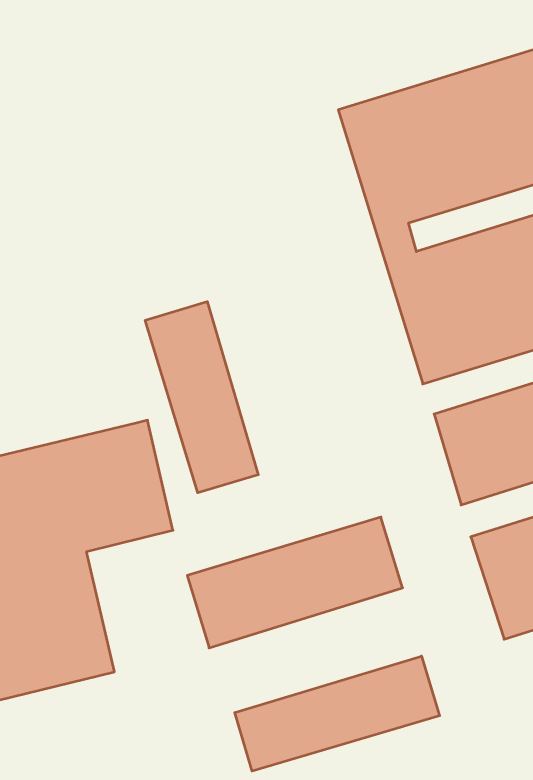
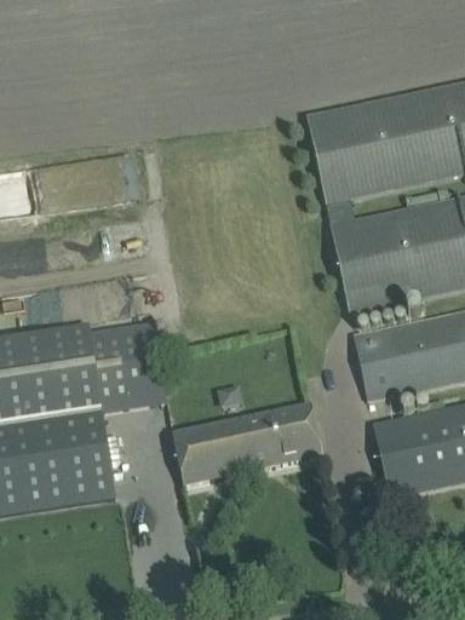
building: [145,302,258,493] -> none
building: [235,656,440,771] -> none

